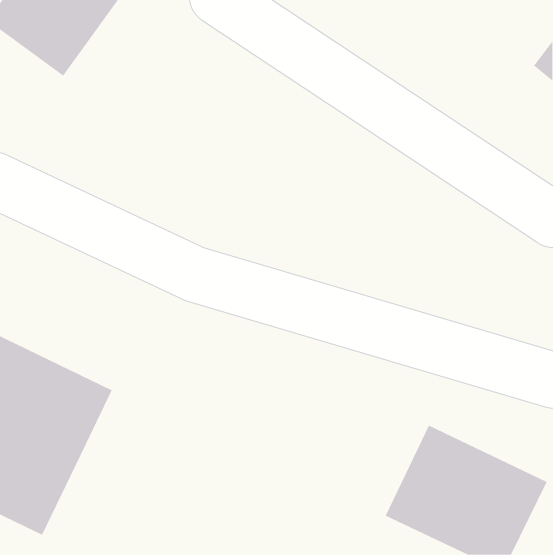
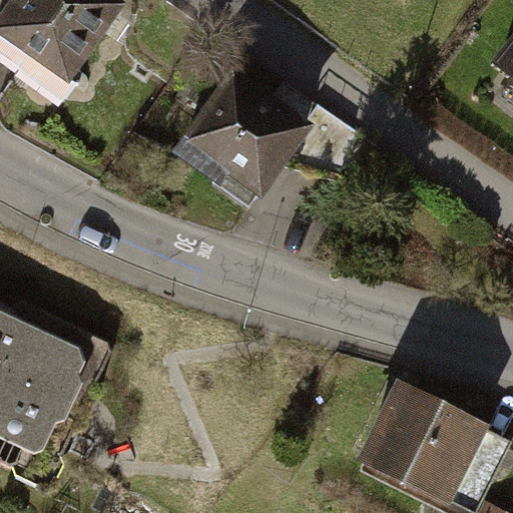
building: none -> [179,74,298,192]

